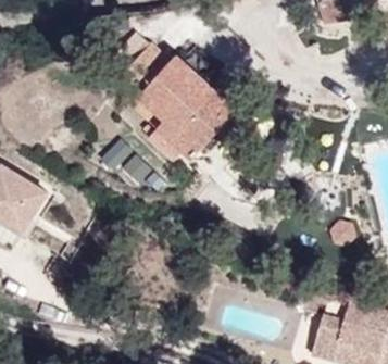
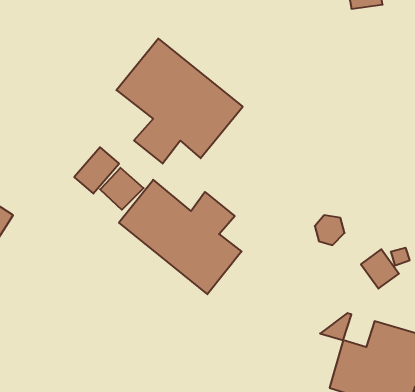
building: none -> [119,180,242,294]

